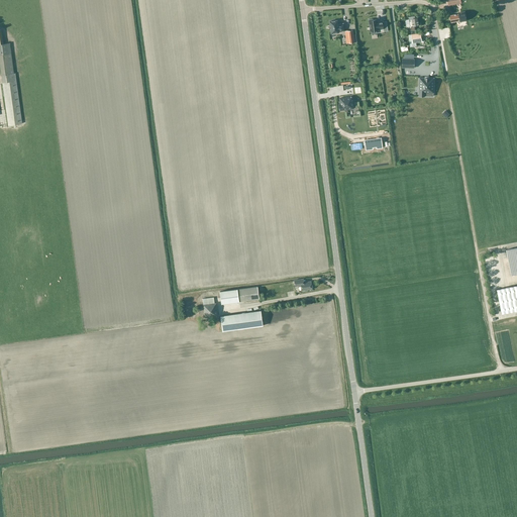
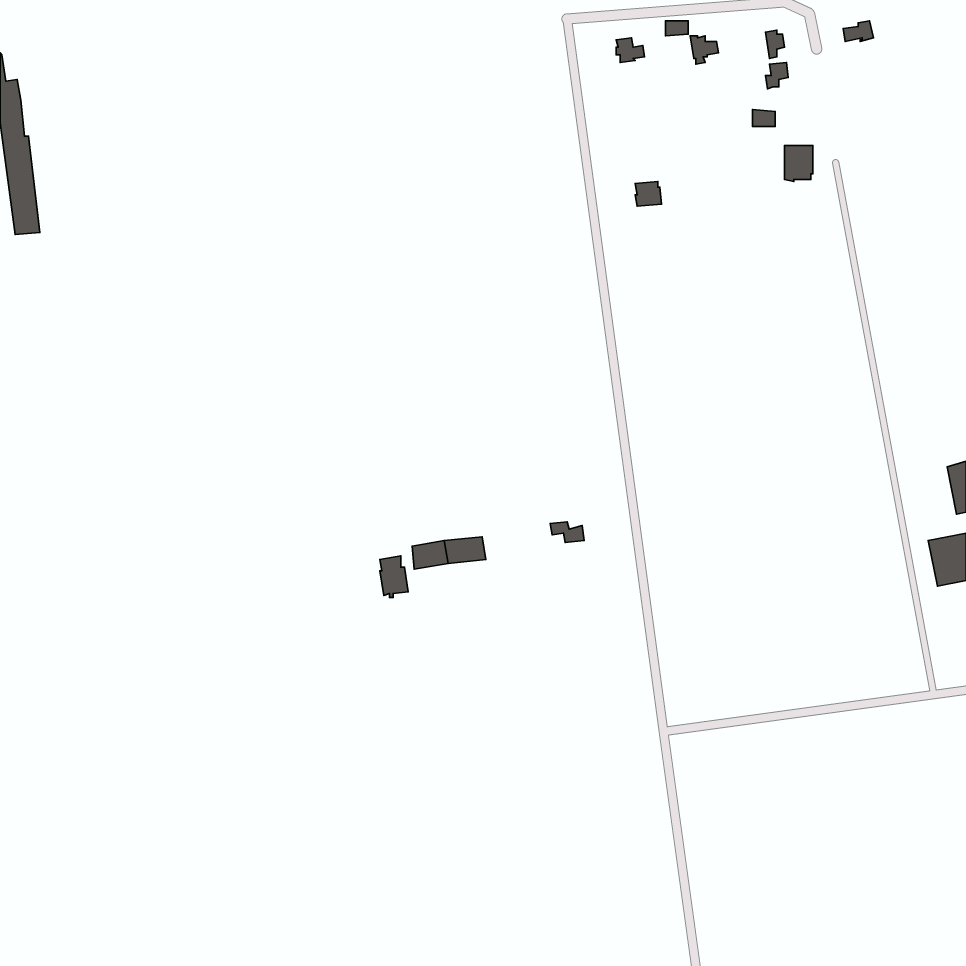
building: [221,310,263,331] -> none

